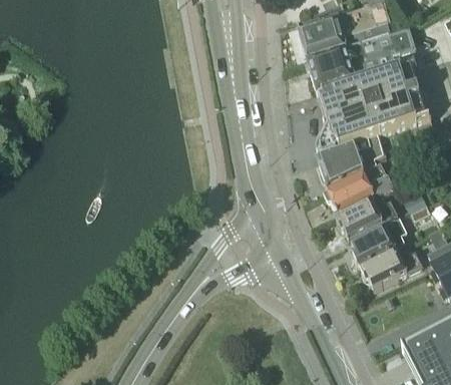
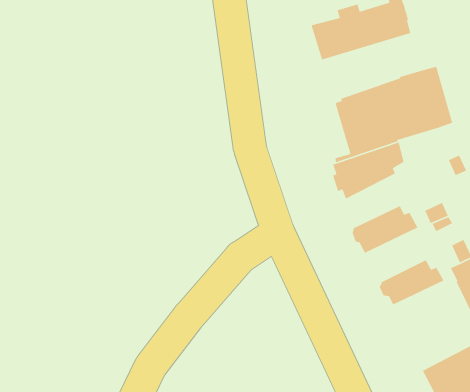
building: [308,28,416,94] -> none
building: [326,162,393,215] -> none
building: [352,219,407,265] -> none

